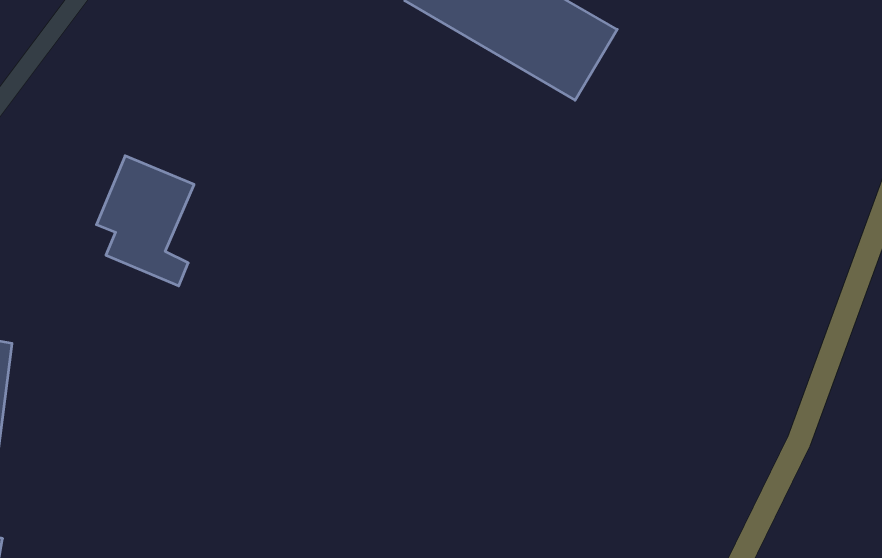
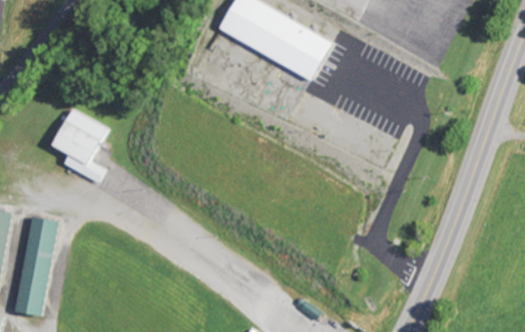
building: none -> [14,215,55,316]

